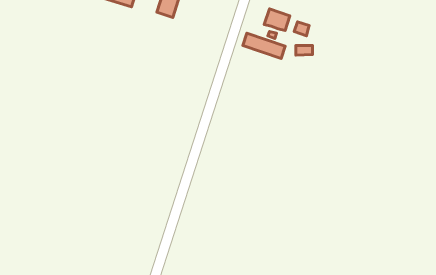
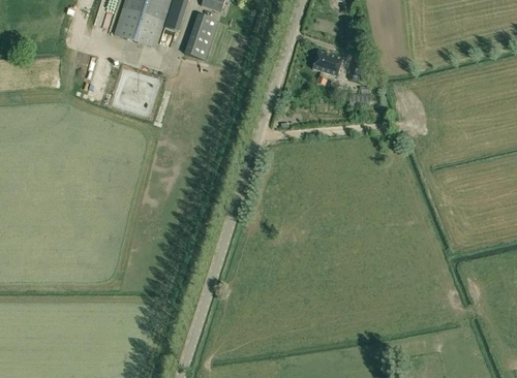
building: [243,33,285,58] -> none

